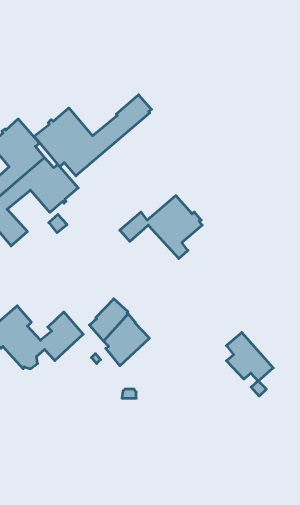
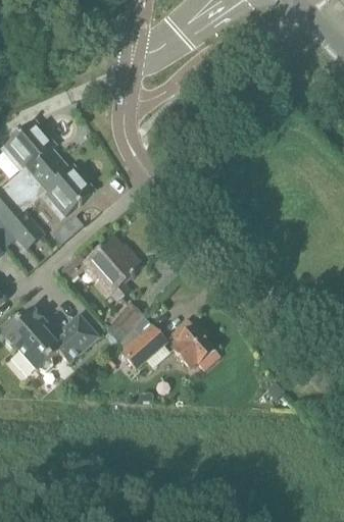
building: [34,95,152,176] -> none
building: [120,196,202,259] -> [58,237,141,300]
building: [226,332,273,381] -> [173,320,219,369]

